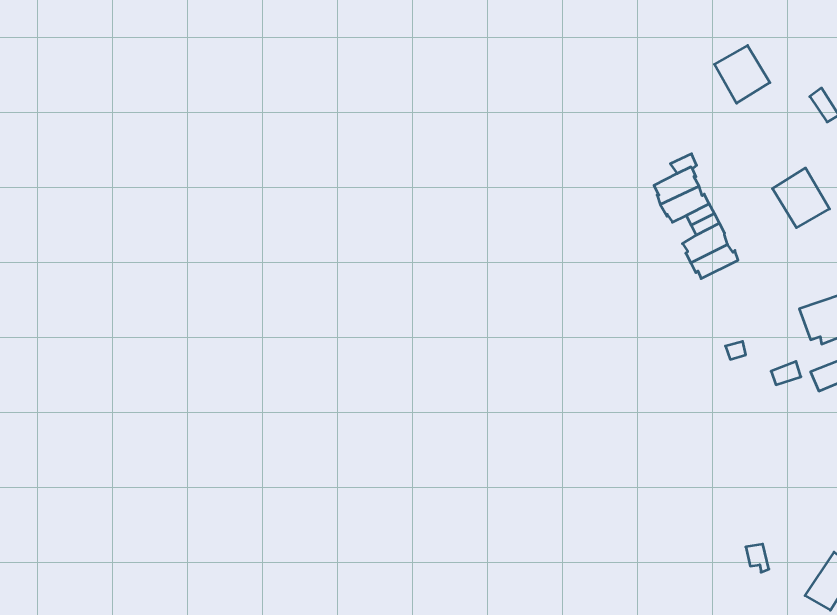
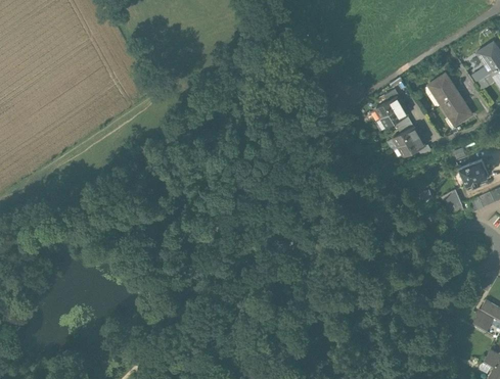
building: [714,45,770,103] -> [427,74,458,105]

